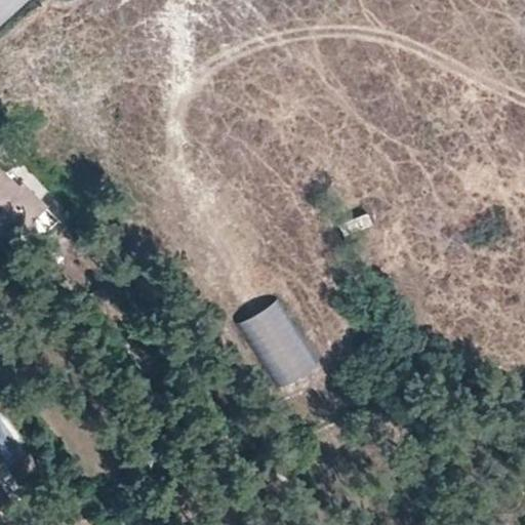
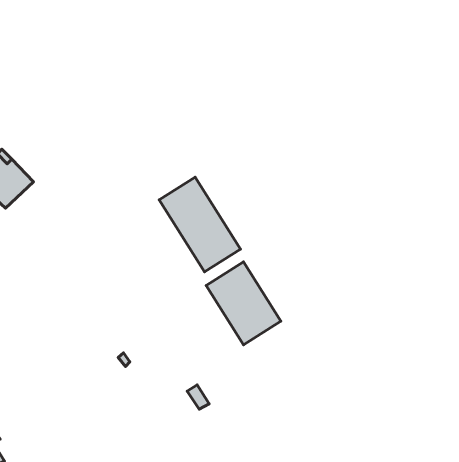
building: none -> [159,177,241,272]

